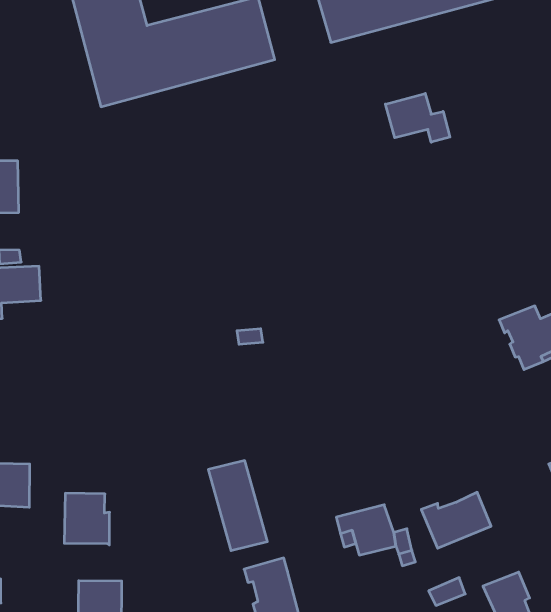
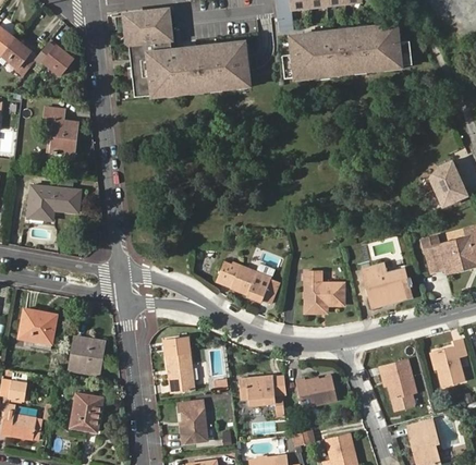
building: [385,93,450,142] -> none
building: none -> [307,269,347,313]
building: none -> [218,260,281,303]

